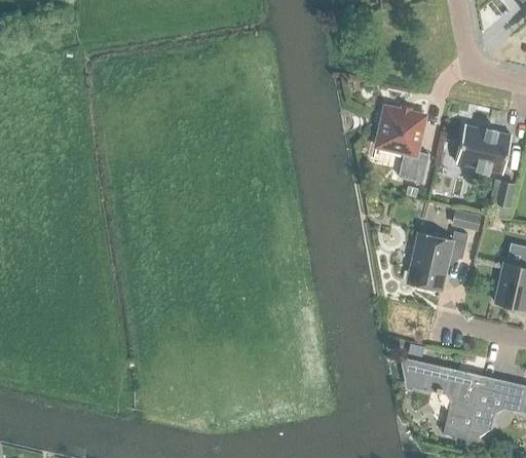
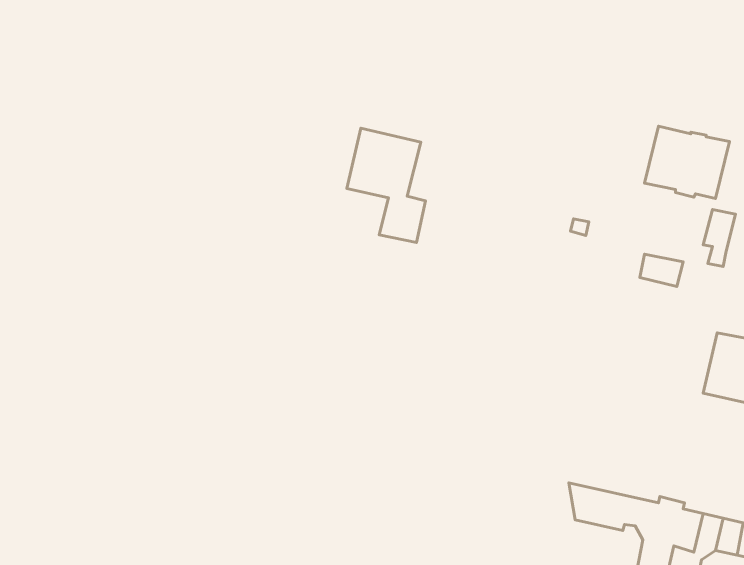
building: [376,106,428,182] -> [347,128,426,243]
building: [407,230,467,290] -> none

